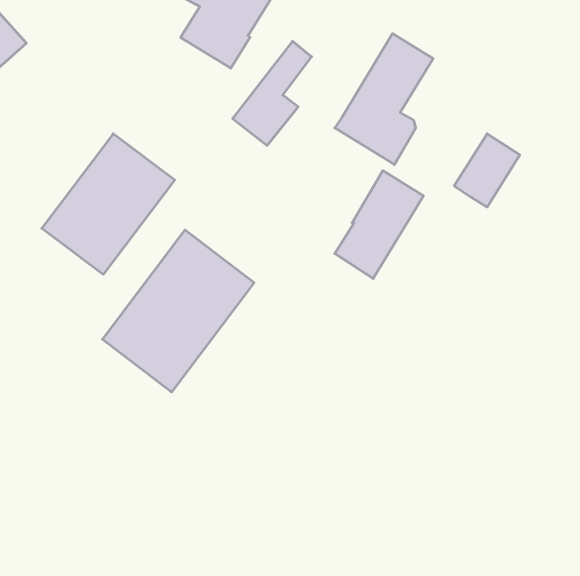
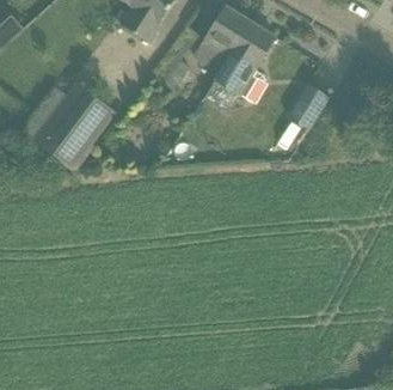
building: [335,171,423,279] -> [196,7,251,74]
building: [102,230,254,392] -> none

